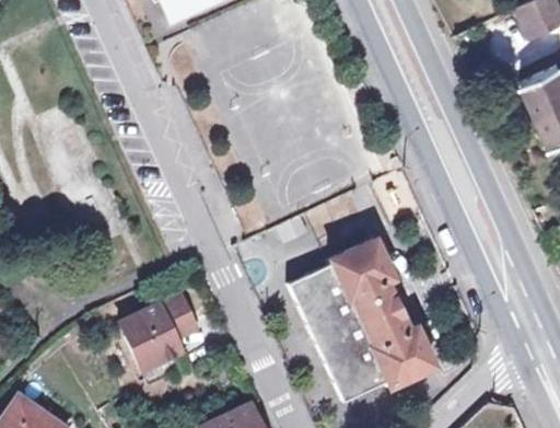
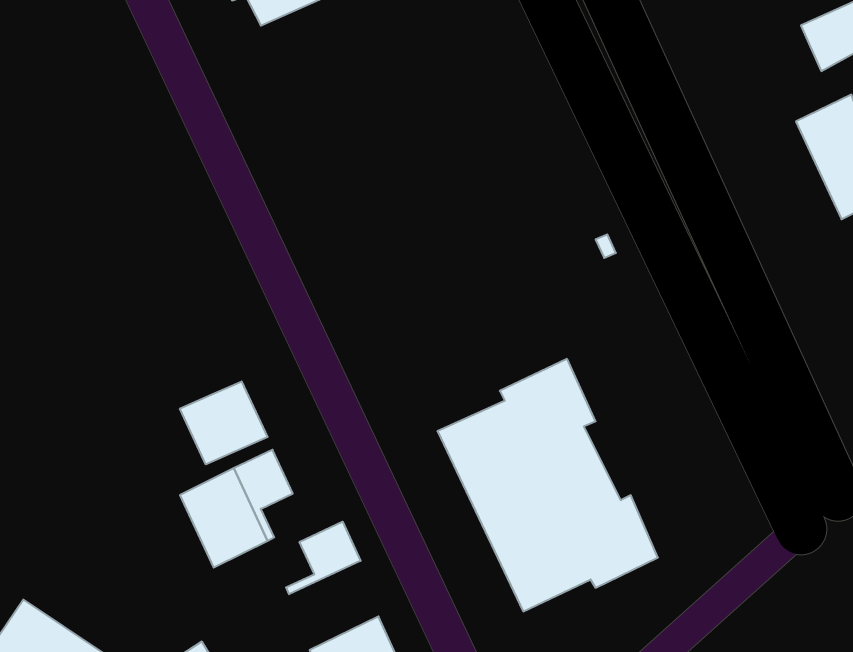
building: none -> [180,381,268,464]
building: none -> [286,522,361,594]

